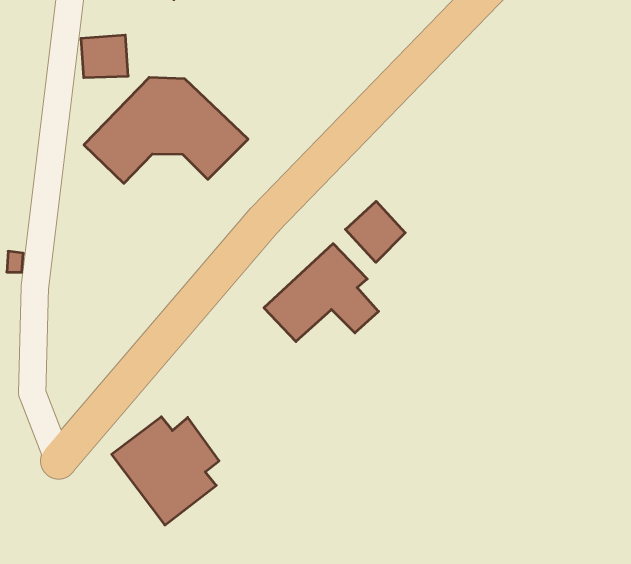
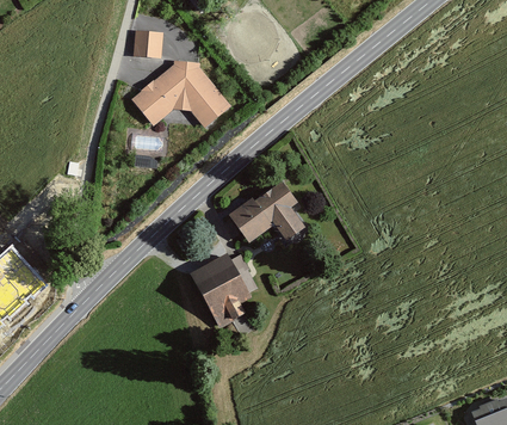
building: [345,201,405,262] -> none
building: [112,417,219,525] -> [190,254,258,324]

